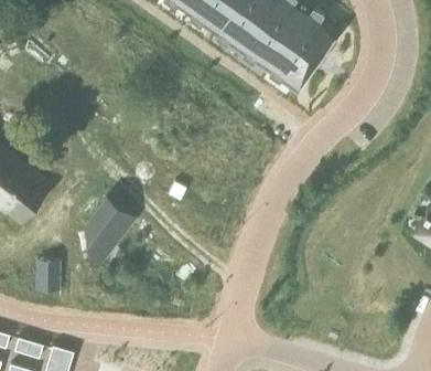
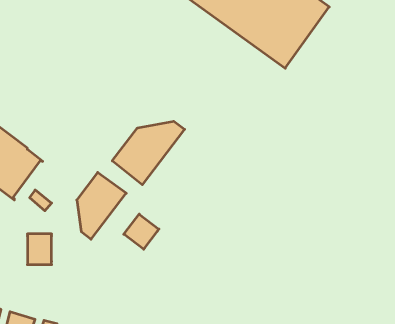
building: none -> [112,121,185,185]
building: none -> [124,214,159,249]

